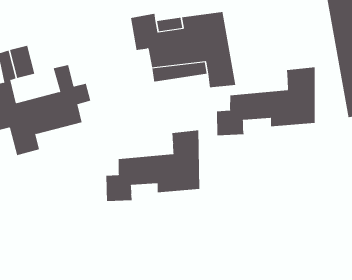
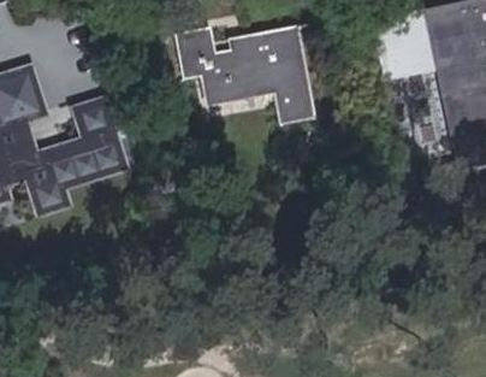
building: [217,66,315,136] -> none
building: [106,130,200,202] -> none

